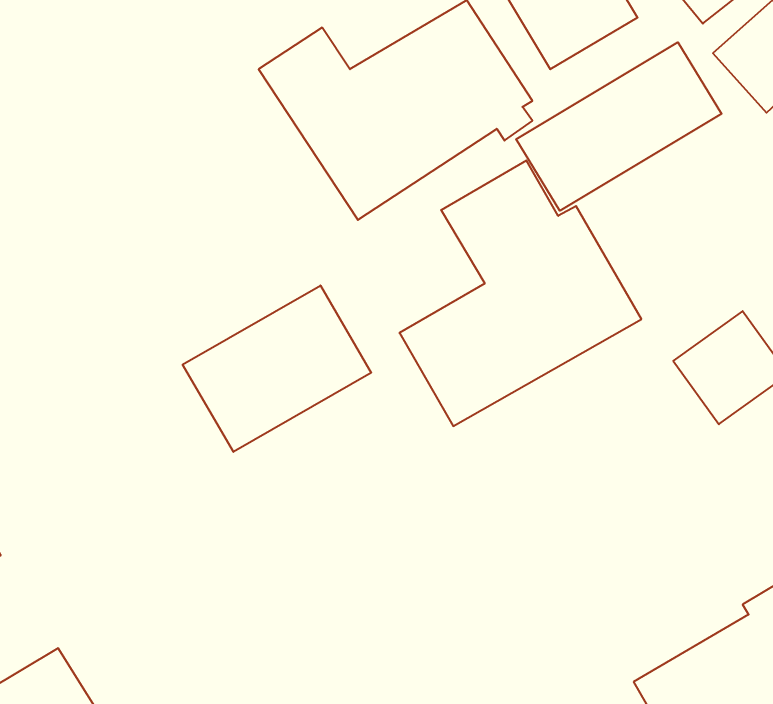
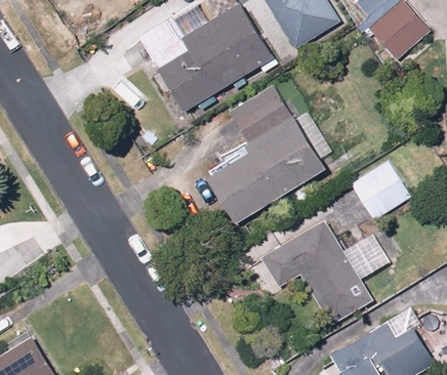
building: [516,42,722,211] -> none
building: [183,285,371,452] -> none
building: none -> [262,219,387,326]

